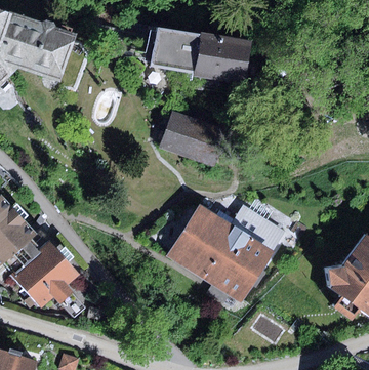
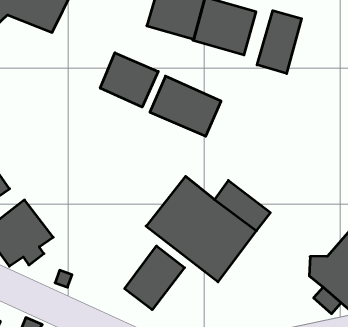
building: none -> [257,11,302,74]
building: none -> [100,53,158,107]
building: none -> [125,246,185,310]

